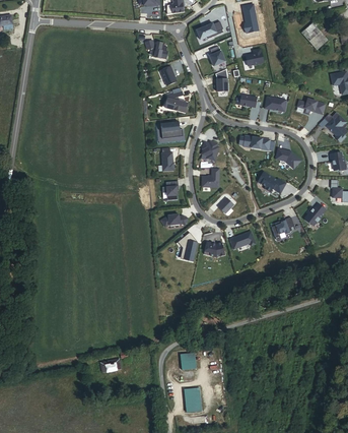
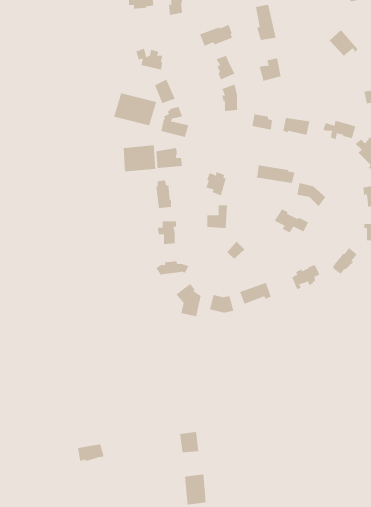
building: none -> [114,93,157,126]
building: none -> [123,145,156,172]

